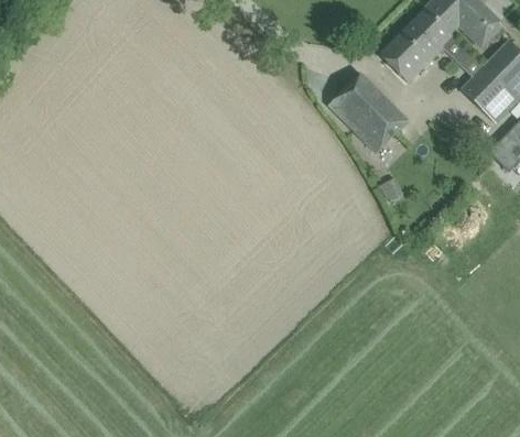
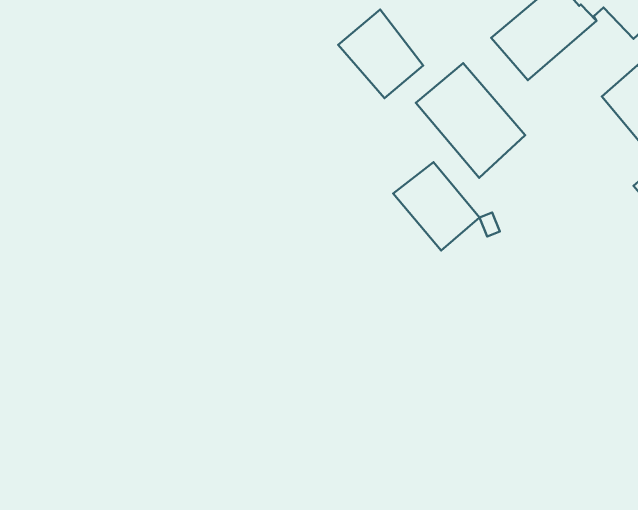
building: none -> [338,9,423,98]
building: none -> [393,162,479,250]

